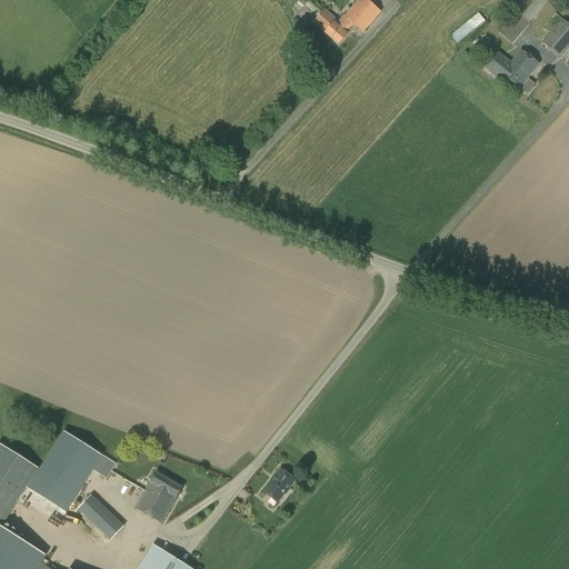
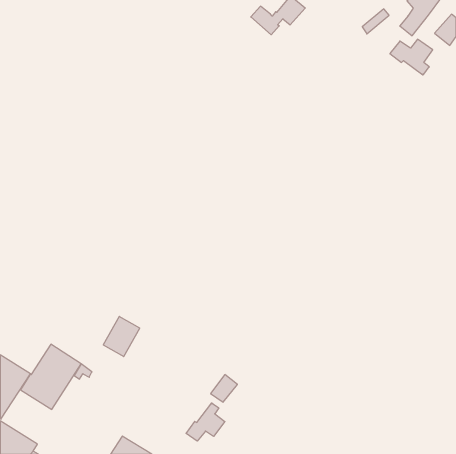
building: [136,471,181,521] -> [103,316,140,357]
building: [78,492,123,539] -> none
building: none -> [186,403,225,441]

